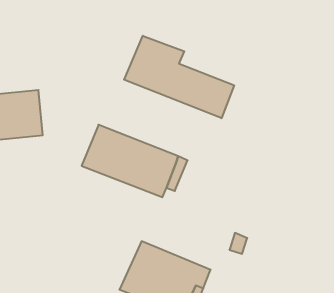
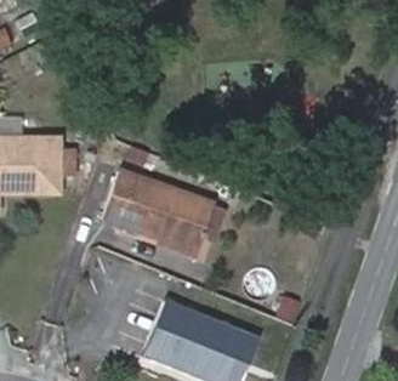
building: [124,36,234,118] -> none

